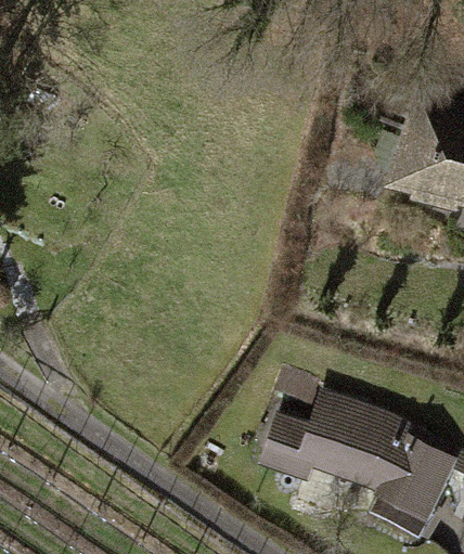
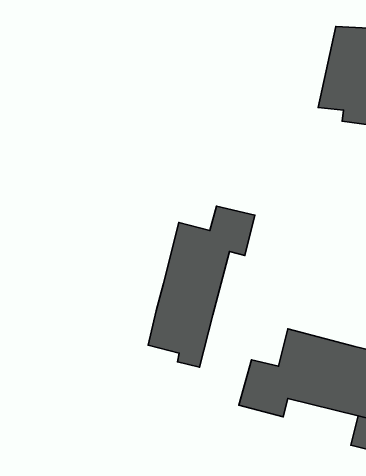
building: none -> [148,206,255,367]

